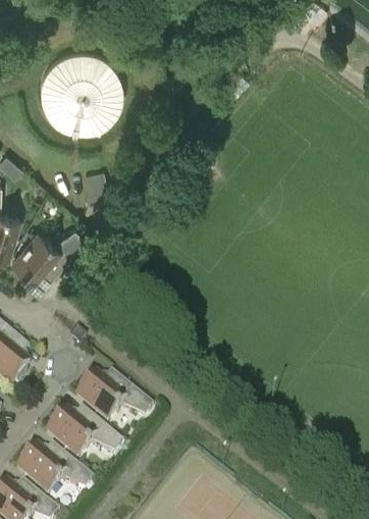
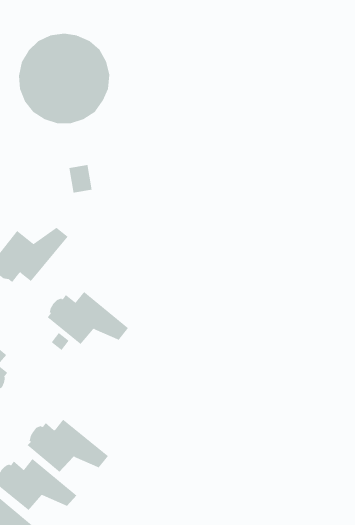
building: [76,371,153,421] -> [47,291,129,345]

